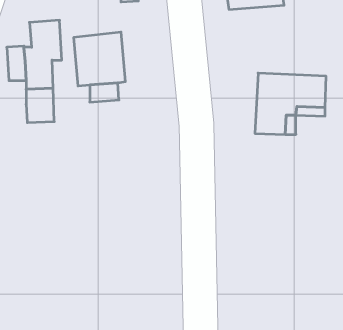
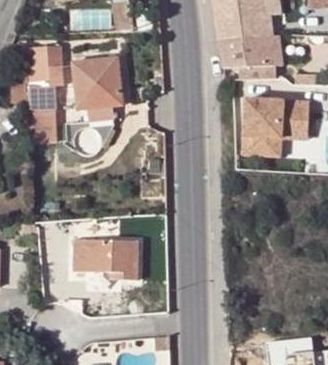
building: none -> [218,34,281,78]
building: none -> [75,242,141,282]

